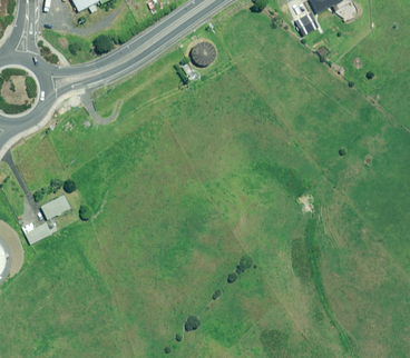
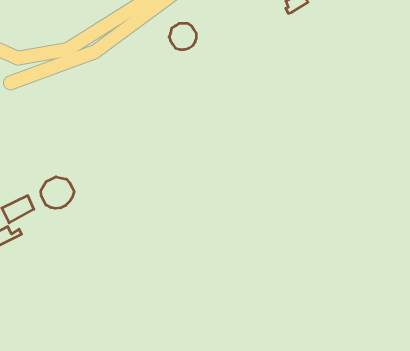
building: none -> [41,177,74,208]

